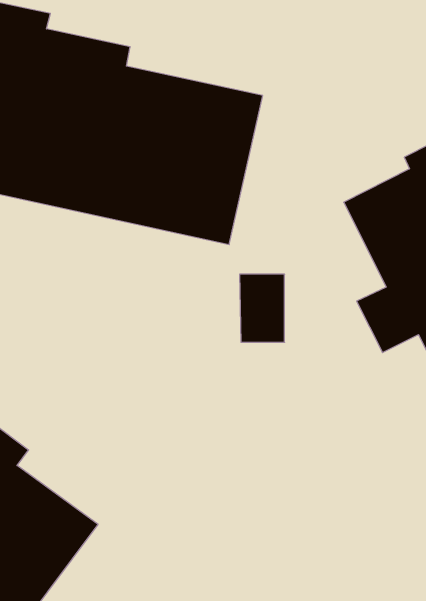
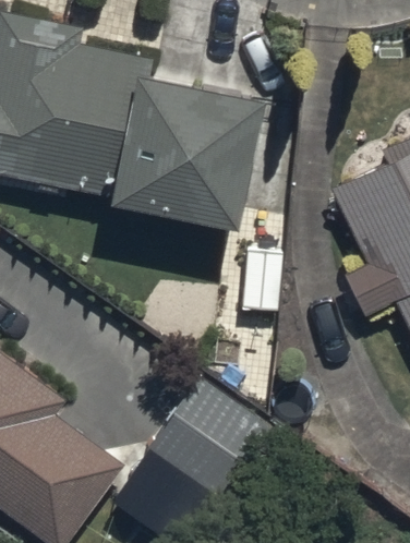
building: none -> [147,379,268,502]

